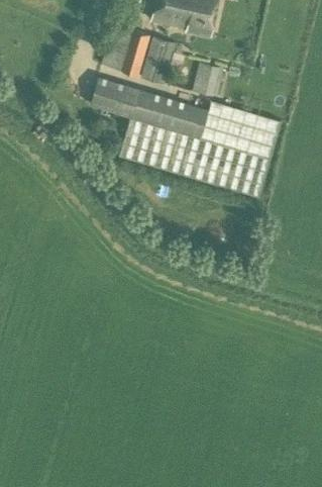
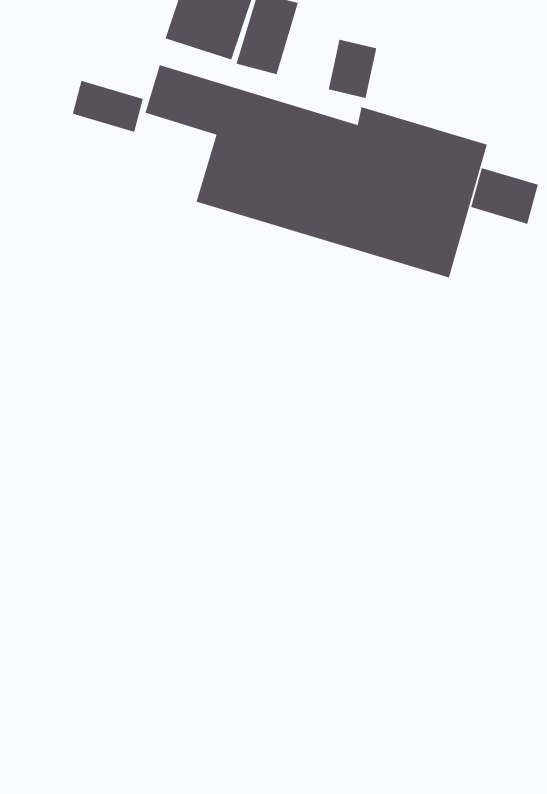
building: none -> [72,80,144,133]
building: none -> [470,167,539,225]

